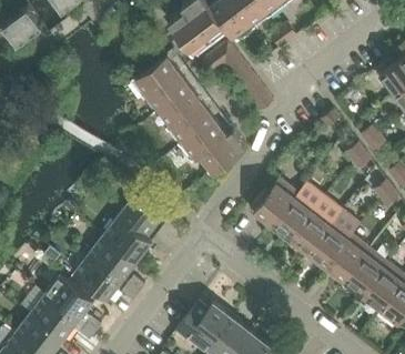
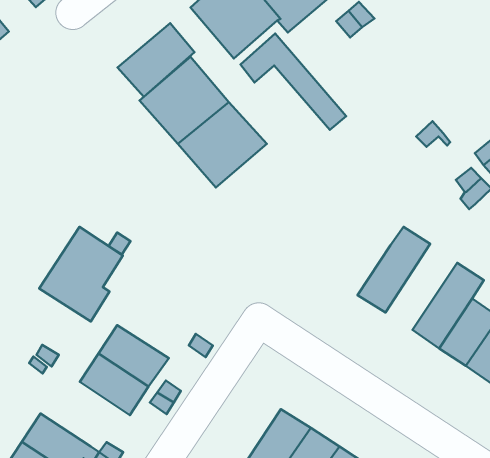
building: none -> [118,23,194,97]
building: [179,118,246,174] -> none
building: [250,180,297,227] -> none
building: [103,195,163,262] -> [39,227,123,322]
building: [291,195,343,254] -> none
building: [45,275,93,320] -> none

